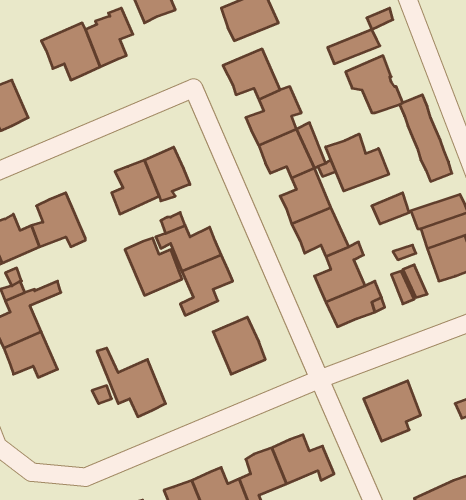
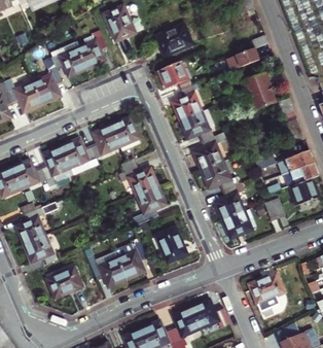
building: none -> [28,60,59,102]
building: [326,134,389,191] -> none
building: [125,238,182,295] -> [62,142,98,178]
building: none -> [113,244,145,282]
building: none -> [45,269,81,301]

